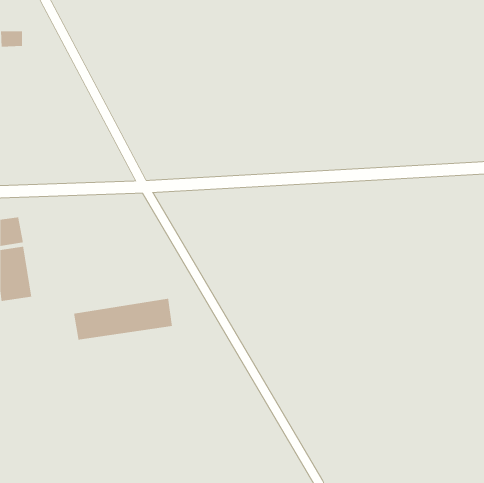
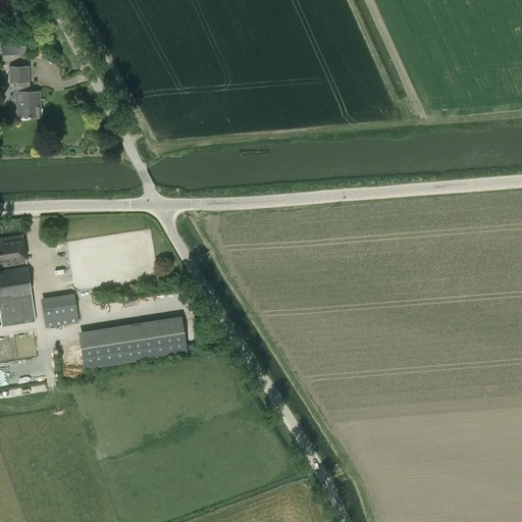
building: none -> [7,64,39,116]
building: none -> [41,297,76,324]

